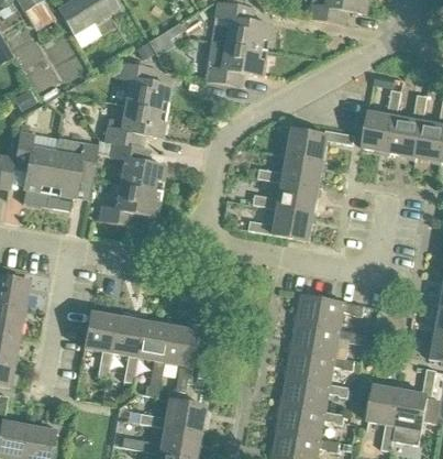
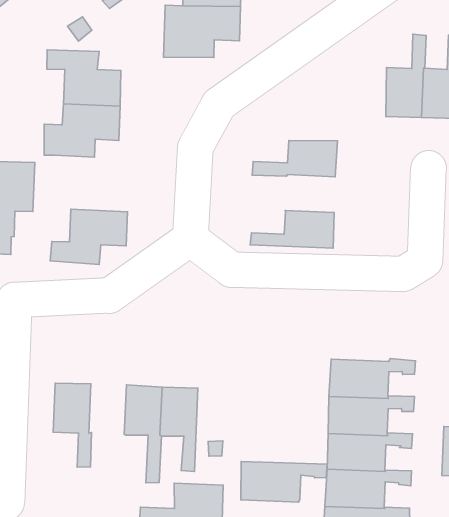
building: [288,128,355,161] -> none
building: [110,142,165,192] -> none
building: [253,181,319,214] -> none
building: [297,294,365,330] -> [241,461,327,502]
building: [109,316,142,382] -> none

